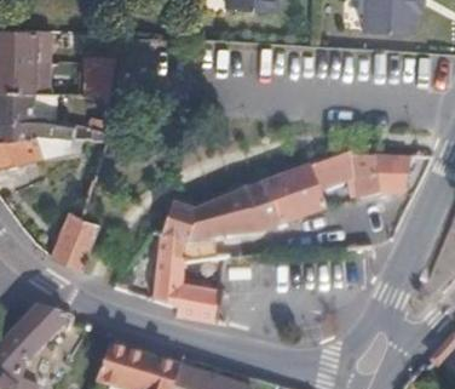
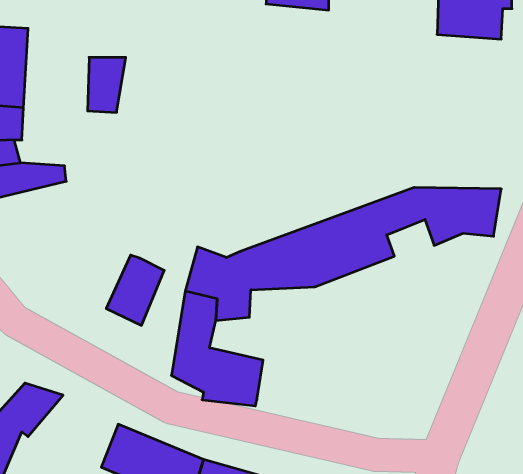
building: [56,213,102,269] -> [106,255,164,325]

